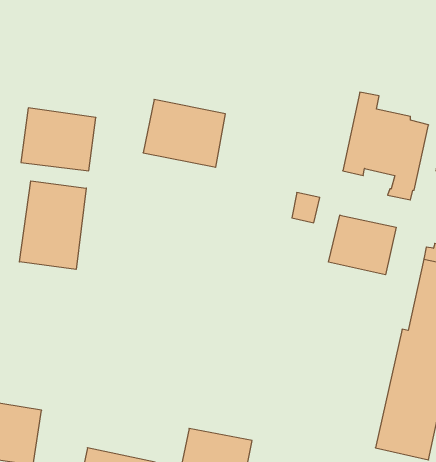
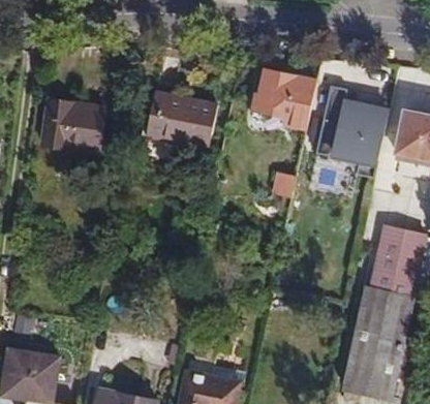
building: none -> [251,69,317,130]
building: [19,181,86,269] -> none
building: [329,215,396,275] -> none

